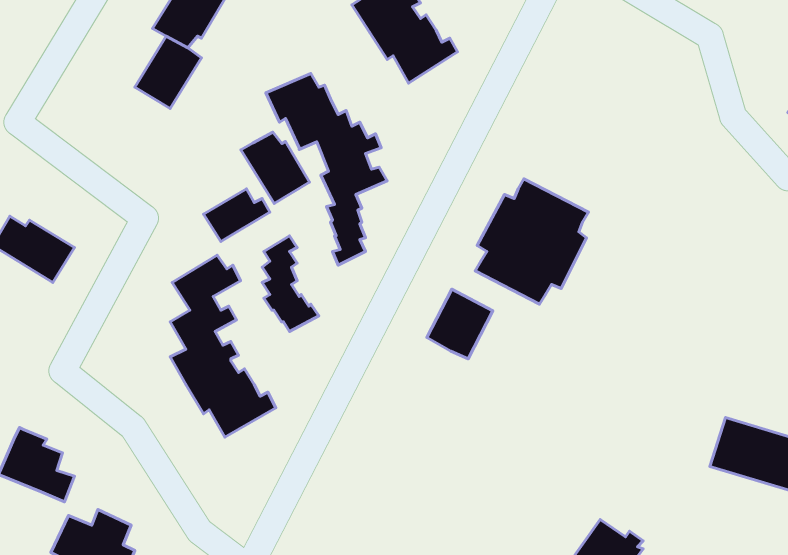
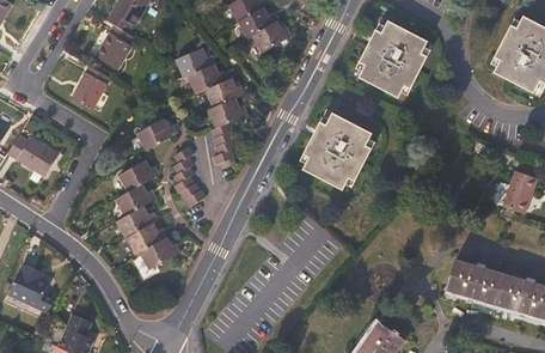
building: none -> [360,20,427,97]
building: none -> [72,66,110,108]
building: [241,132,310,204] -> none
building: [427,289,493,359] -> none

